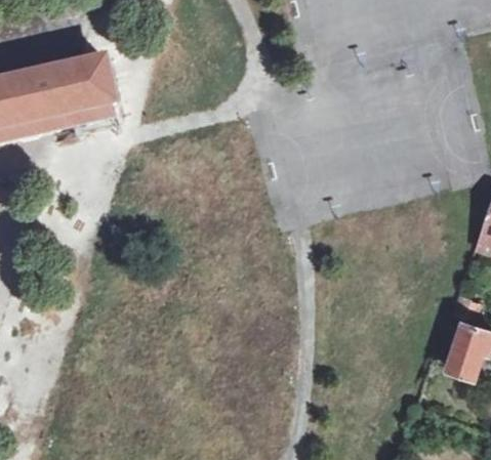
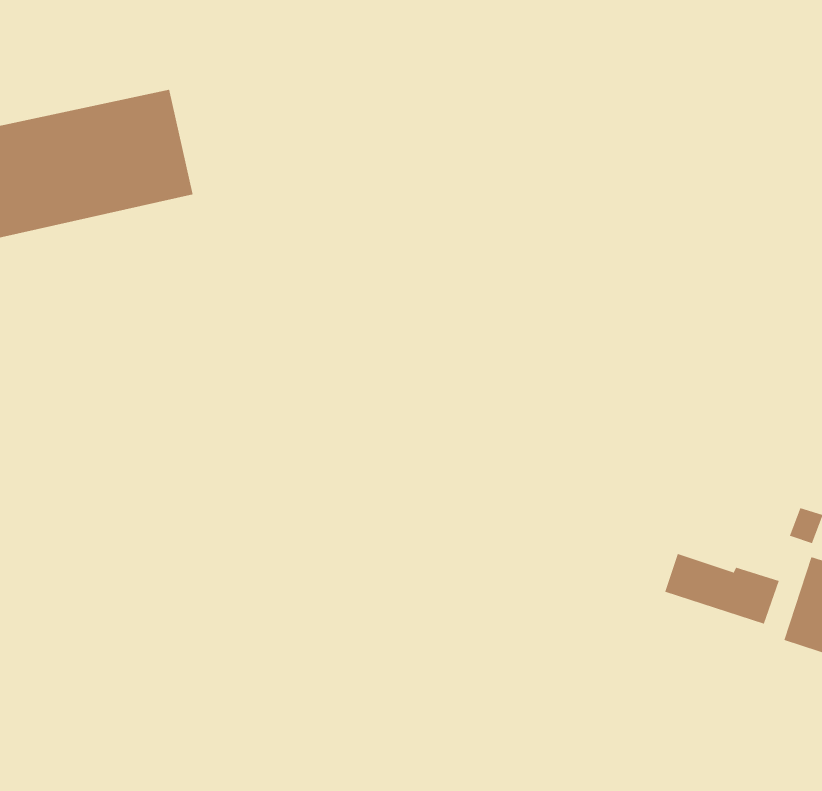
building: none -> [665,553,780,625]

